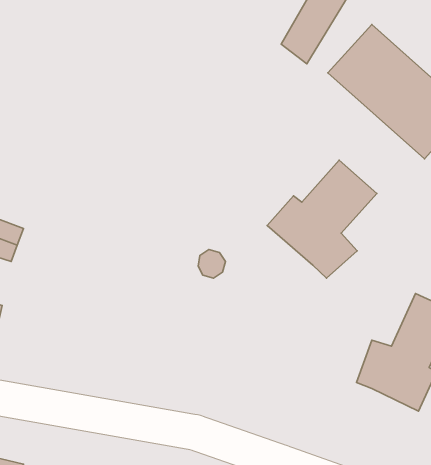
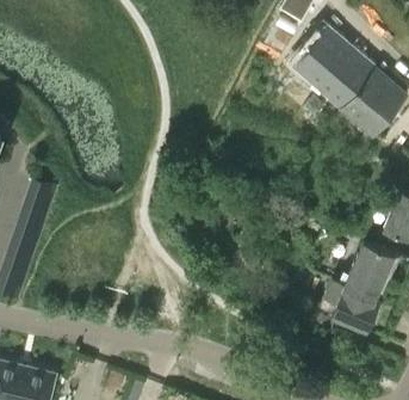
building: [267,160,377,278] -> none

